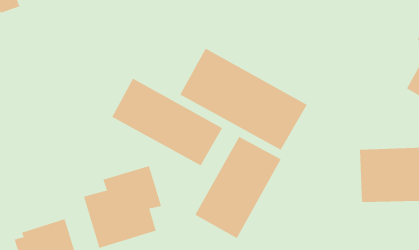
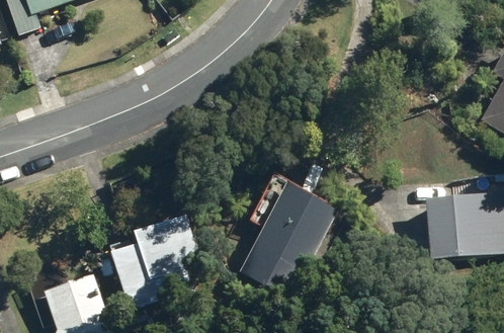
building: [180,48,307,151] -> none
building: [111,78,223,166] -> none

